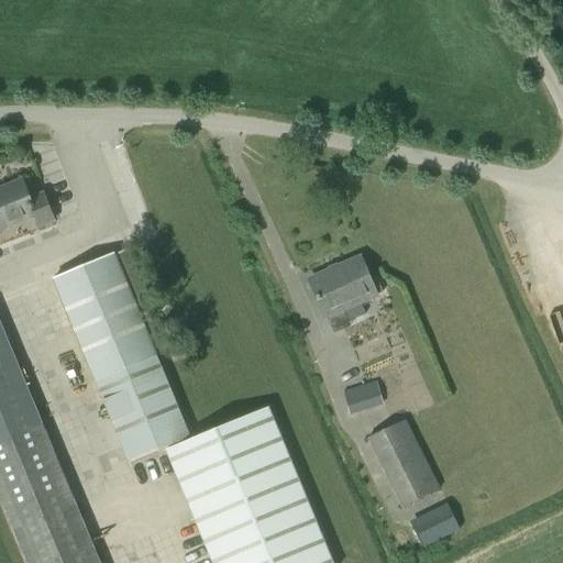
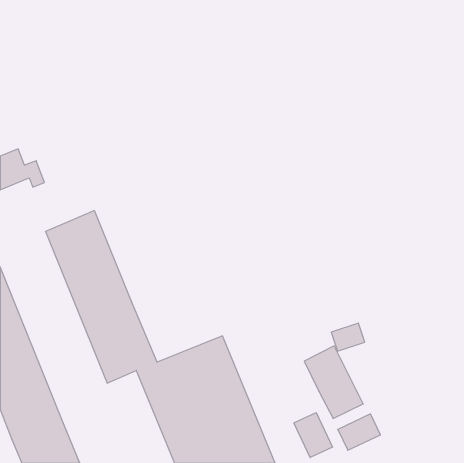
building: [309,257,377,321] -> none
building: [343,380,384,415] -> [331,323,365,351]
building: none -> [294,413,332,458]

